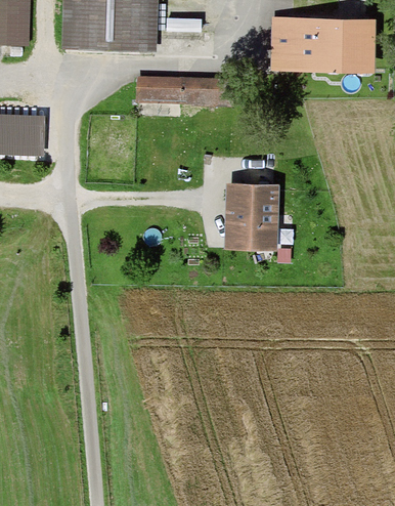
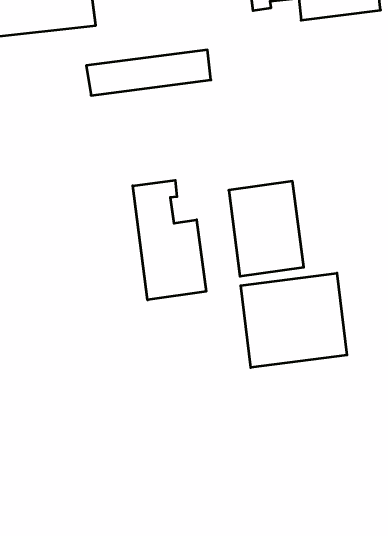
building: none -> [133,180,206,300]
building: none -> [241,273,347,368]

